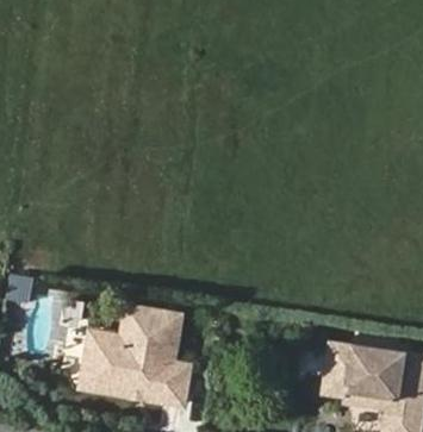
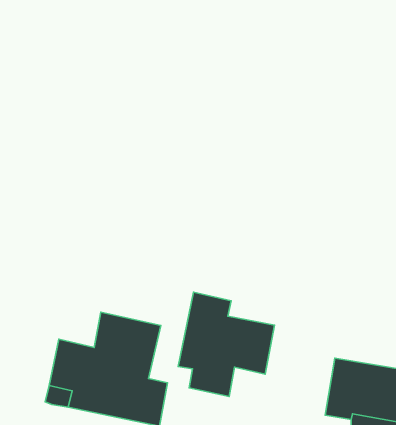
building: none -> [178,292,274,396]

